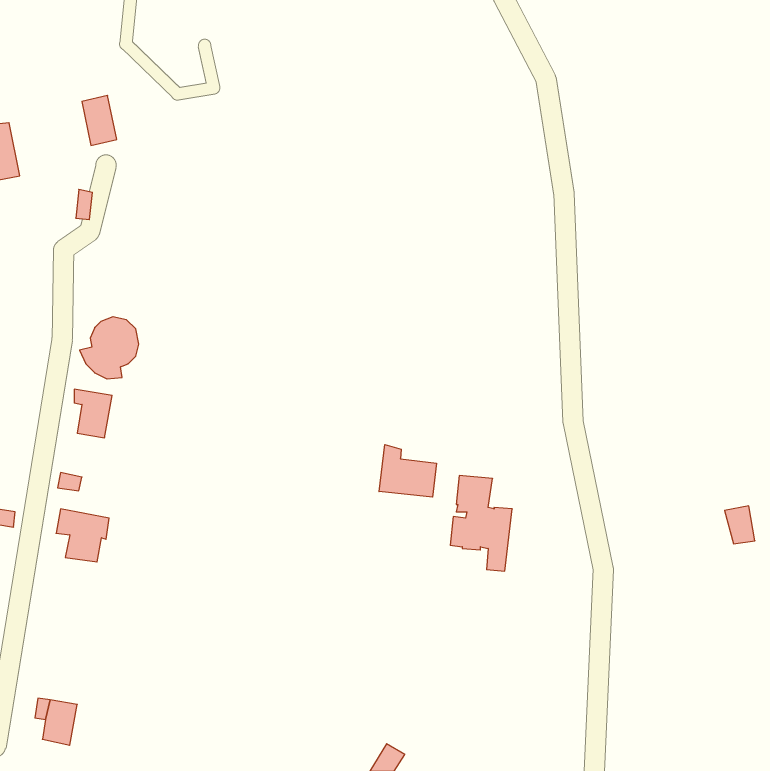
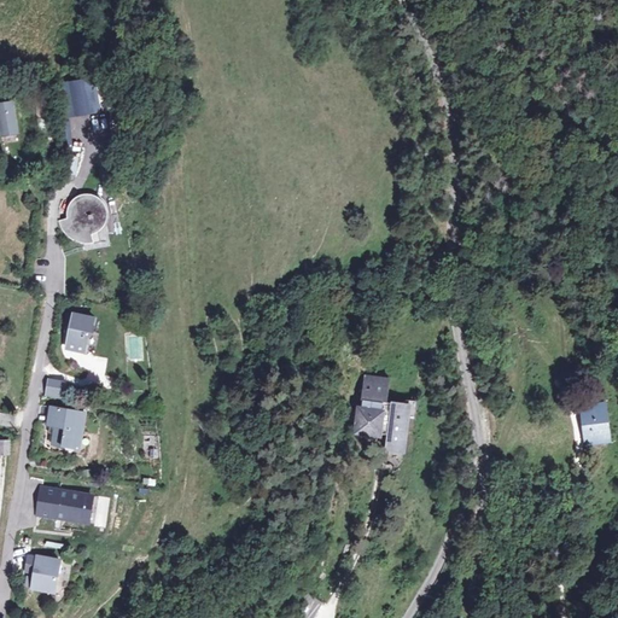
building: [80,317,139,379] -> [54,193,101,243]
building: [379,445,436,497] -> none
building: none -> [37,486,93,521]

